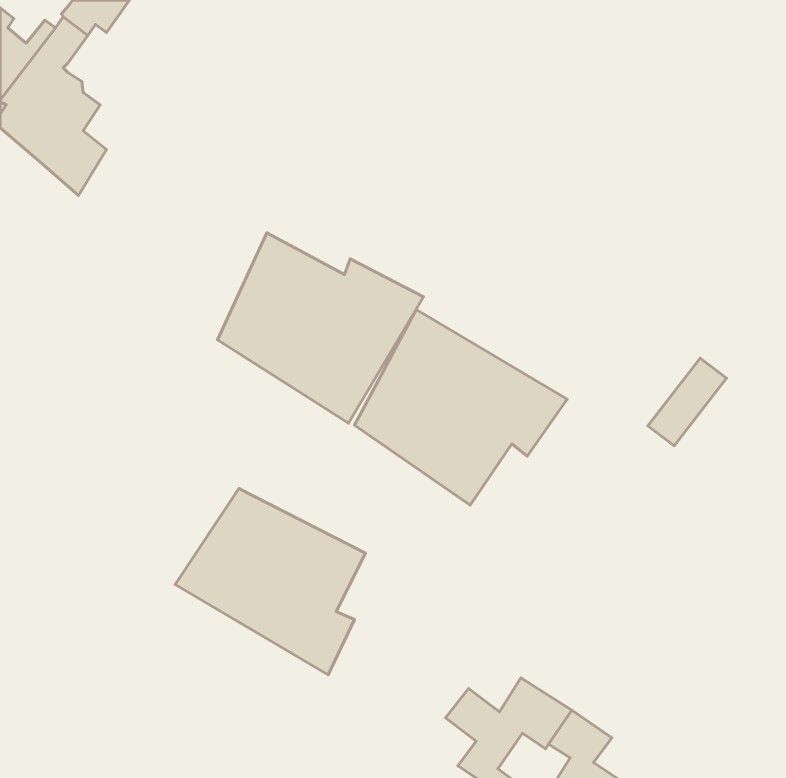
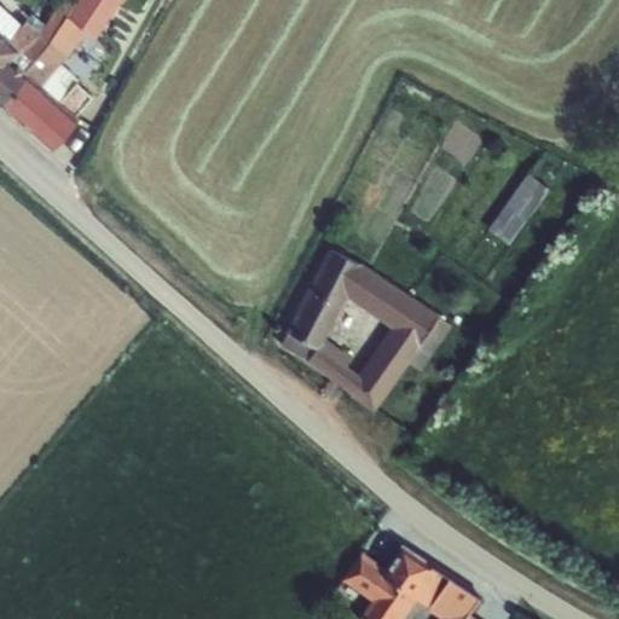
building: [217,233,423,423] -> none
building: [648,358,727,446] -> [490,177,551,245]
building: [175,489,366,675] -> none

